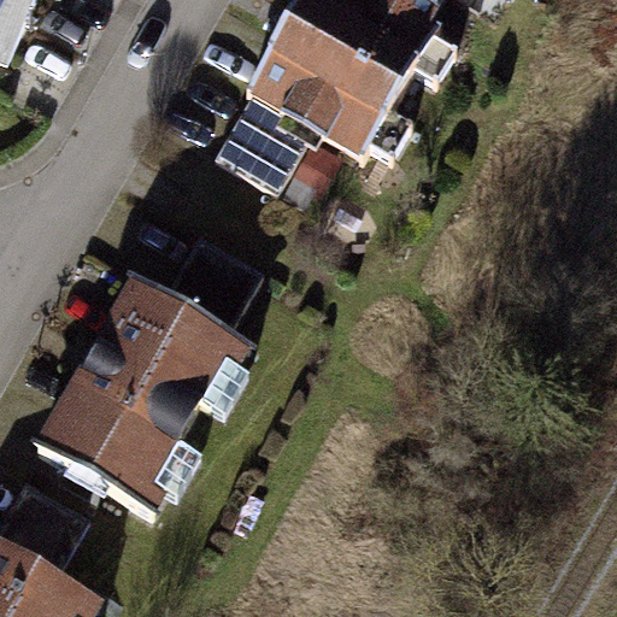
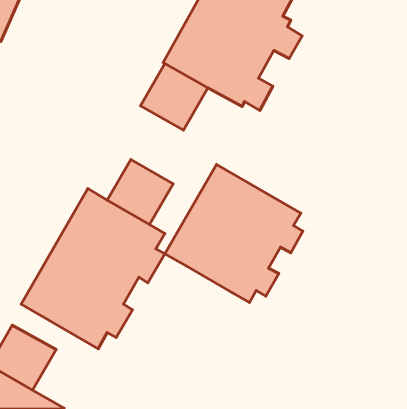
building: none -> [165,165,303,302]

